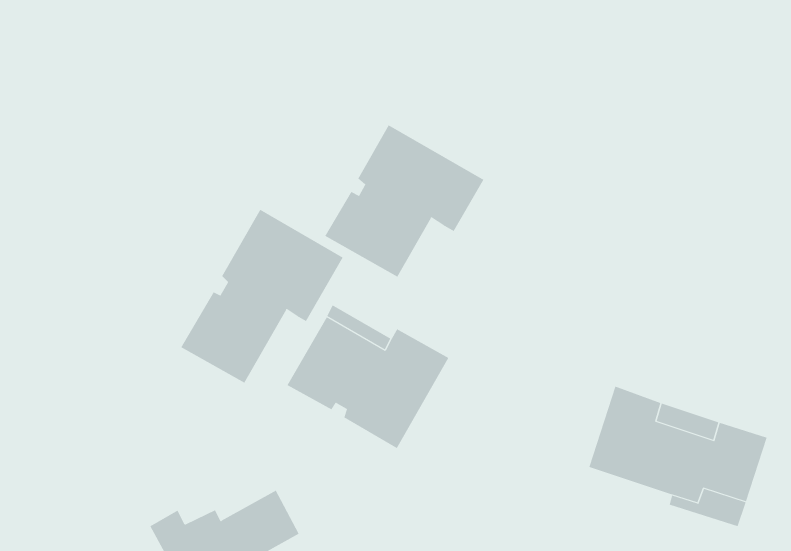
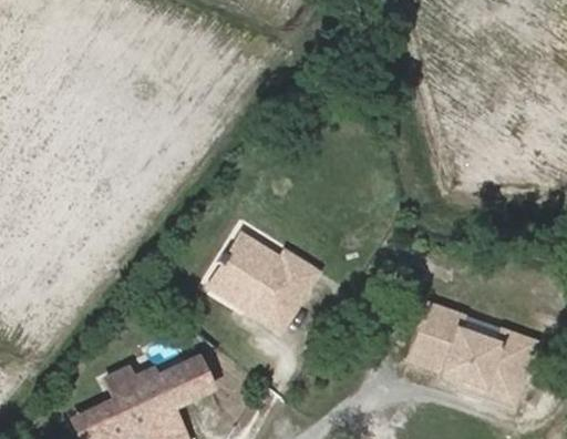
building: [324,124,484,278] -> none
building: [181,209,344,384] -> none

